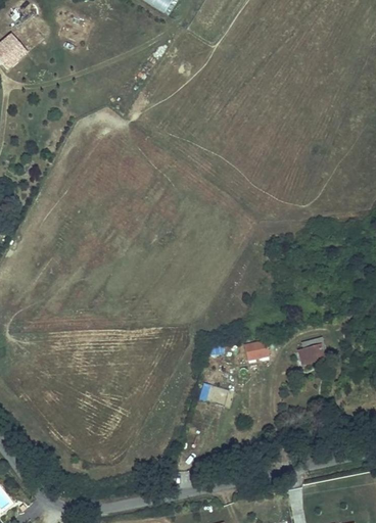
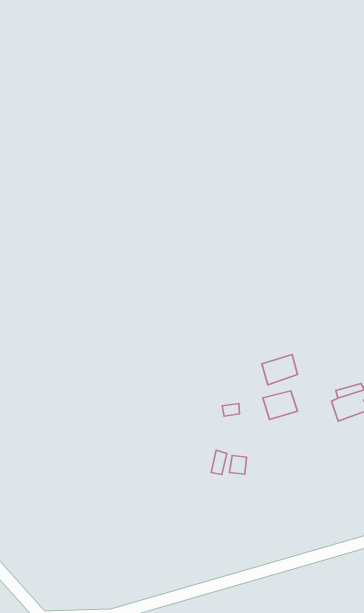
building: none -> [262,355,298,385]

